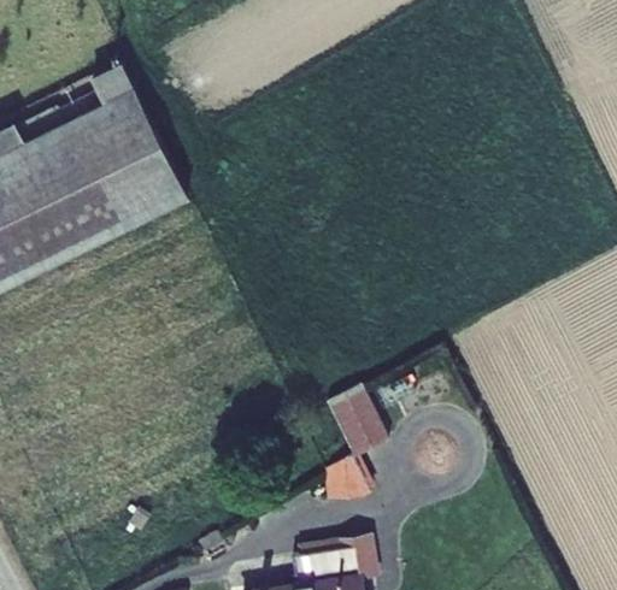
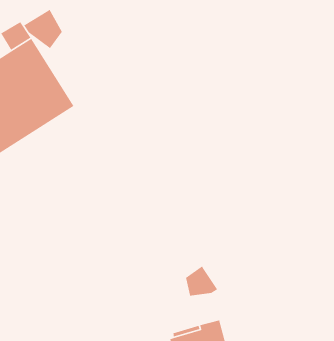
building: none -> [23,8,63,49]
building: [325,384,388,458] -> none

